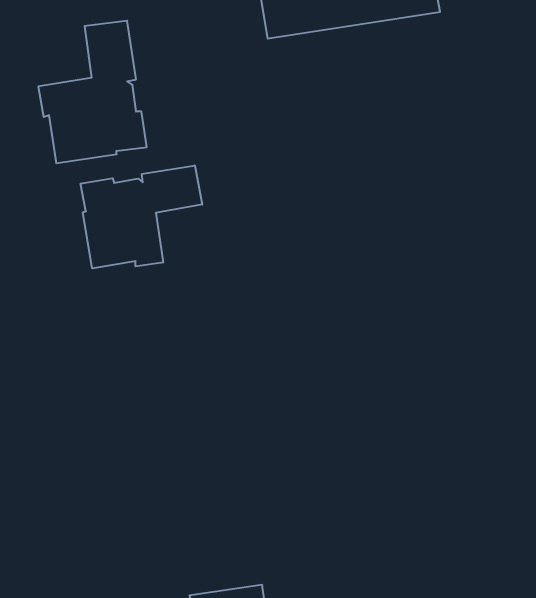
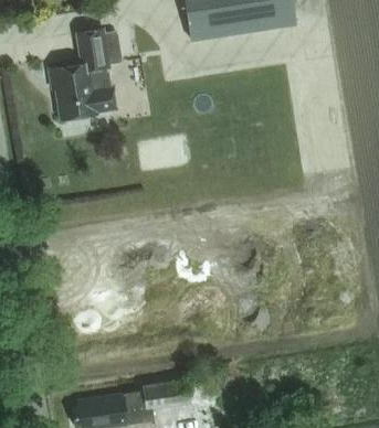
building: [81,165,202,268] -> none

